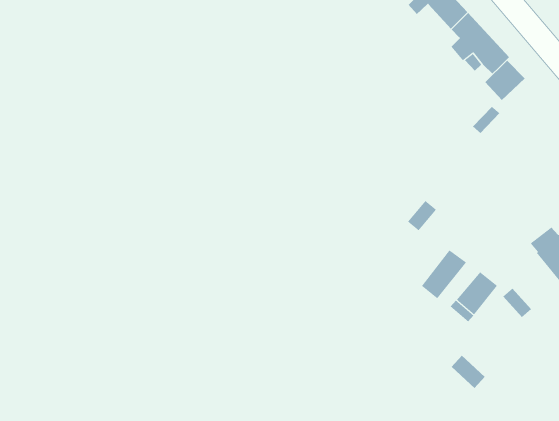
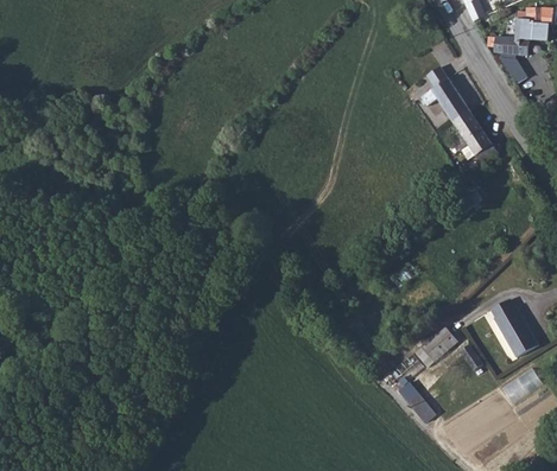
building: [485,60,526,101] -> none
building: [421,249,467,299] -> none

